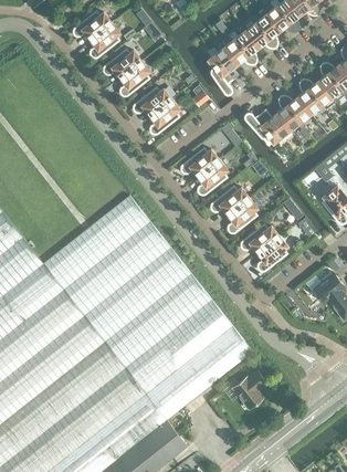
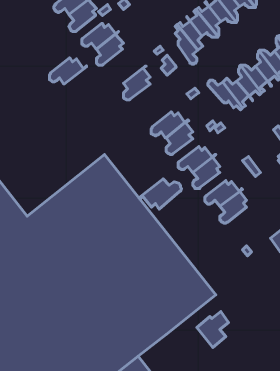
building: [134,87,175,116] -> [50,58,86,84]
building: none -> [139,179,181,209]

